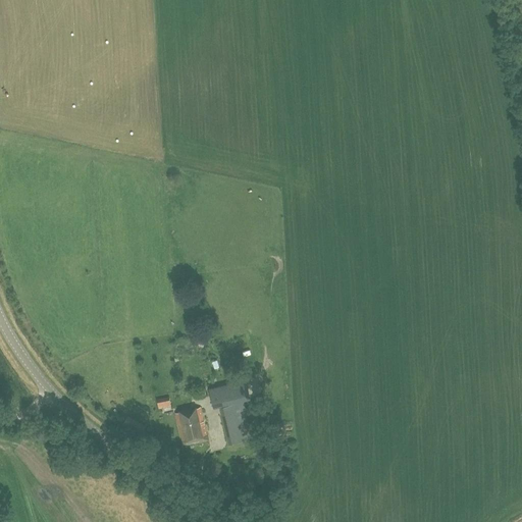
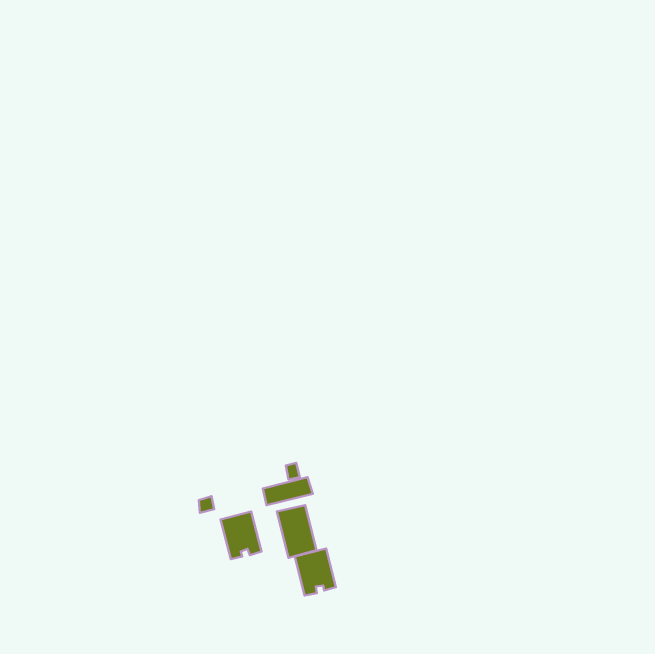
building: none -> [295,548,336,595]

